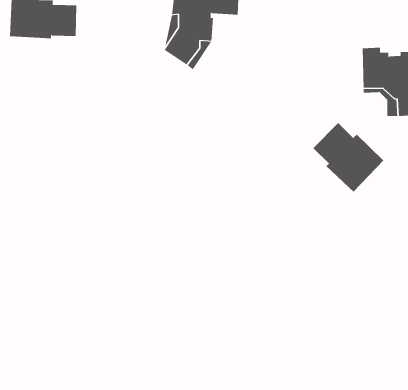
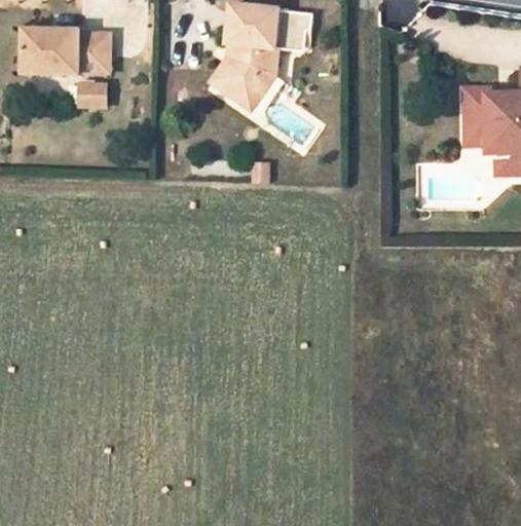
building: none -> [76,81,106,110]
building: [313,122,384,192] -> none

